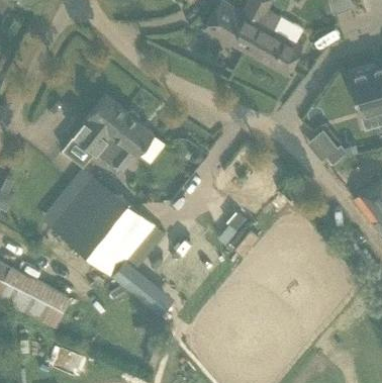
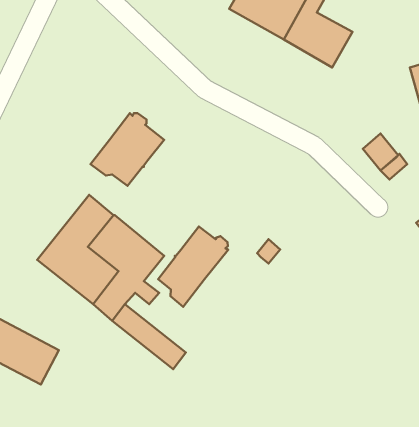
building: [62,94,125,165] -> none
building: none -> [158,226,228,307]

